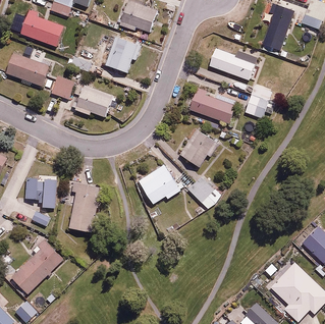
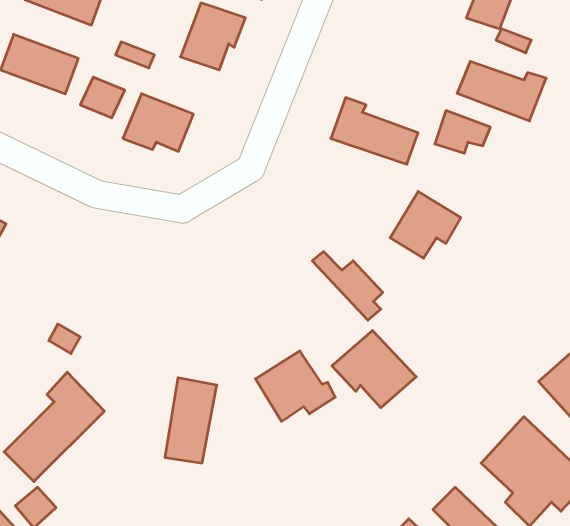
building: [208,48,257,80] -> [457,61,546,121]
building: [180,129,219,166] -> [390,191,461,258]
building: [139,165,182,204] -> [255,351,335,421]
building: [23,175,56,208] -> none
building: [70,184,99,231] -> [165,378,217,463]
building: none -> [332,330,416,408]

